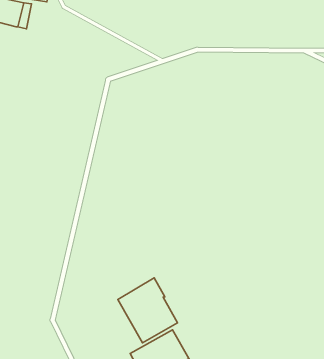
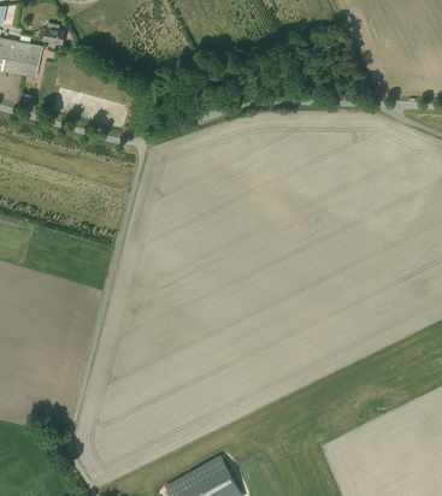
building: [118,278,178,343] -> none

